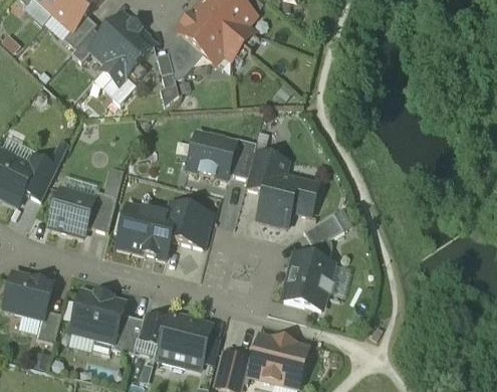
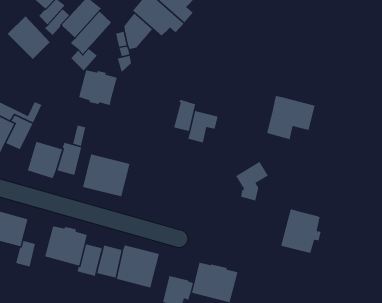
building: none -> [7,16,50,60]
building: [187,133,235,177] -> [78,69,118,106]
building: [257,172,317,226] -> [266,95,316,140]
building: [170,203,211,246] -> none
building: [282,252,332,308] -> [280,208,321,254]

